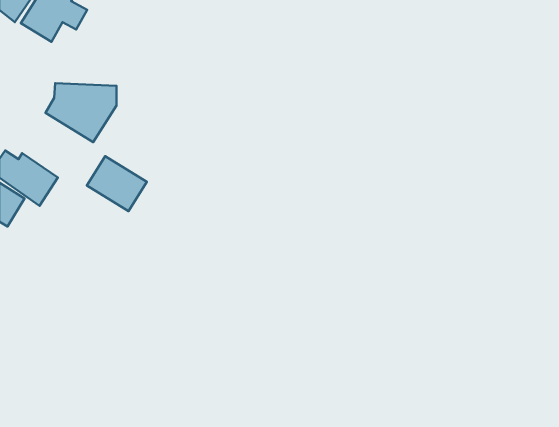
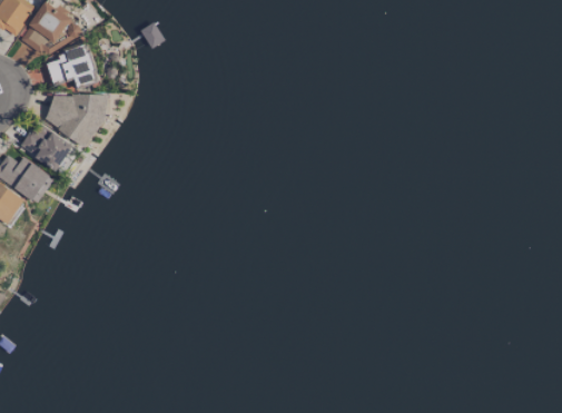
building: none -> [46,43,98,88]
building: [87,156,147,211] -> [19,121,73,171]

